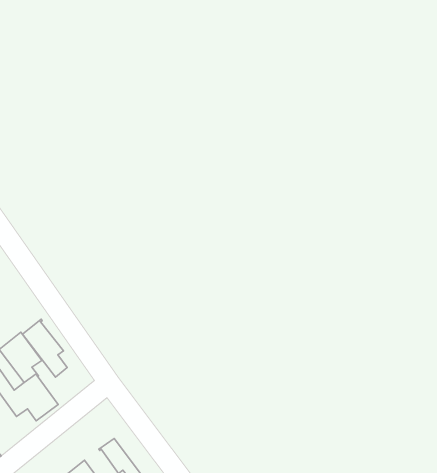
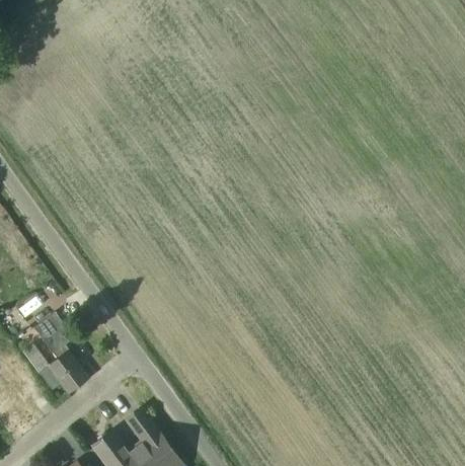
building: [22,319,67,377] -> none

